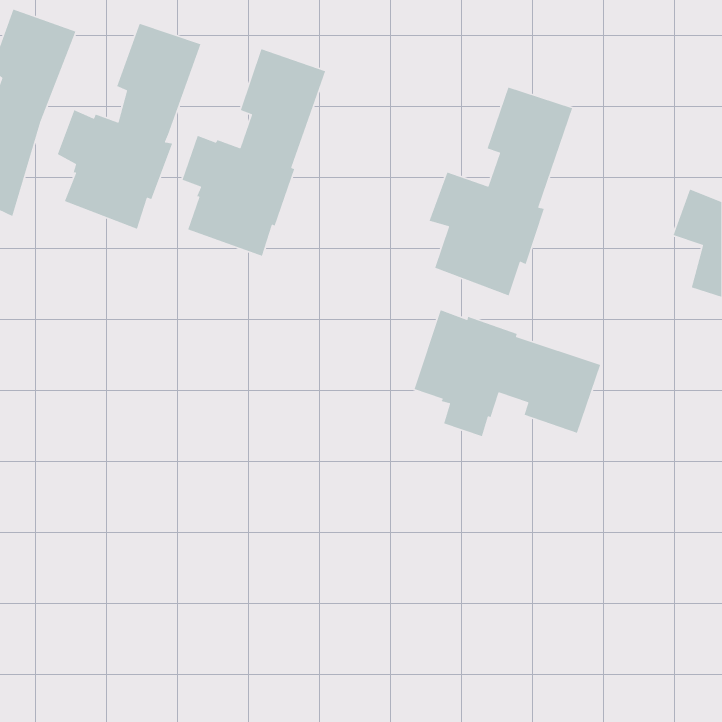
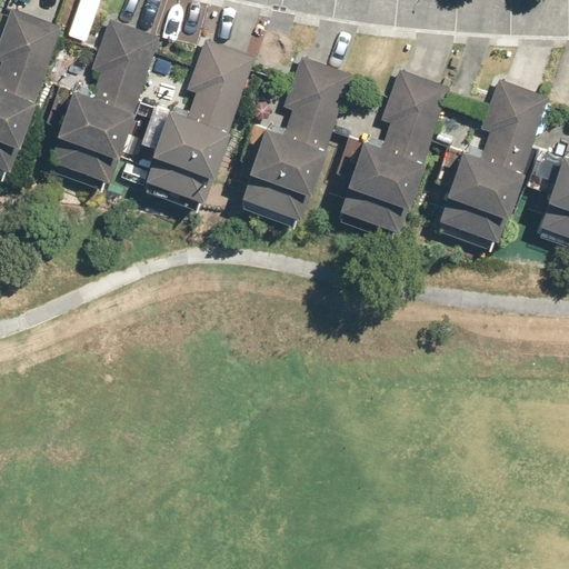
building: none -> [240,58,349,220]
building: none -> [436,80,549,242]
building: [413,309,601,437] -> none

